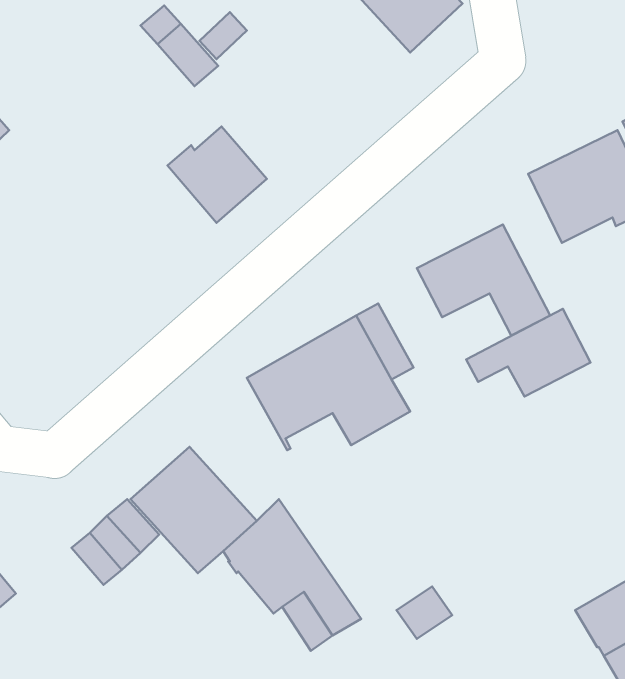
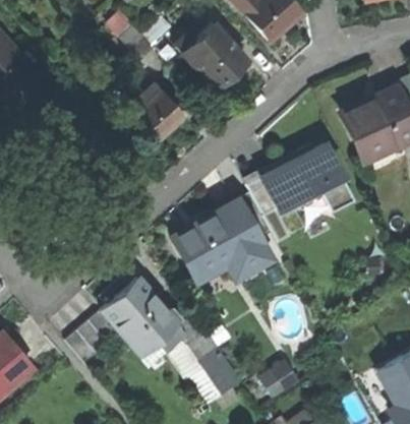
building: none -> [176,22,248,89]
building: none -> [248,171,291,215]
building: [466,309,591,397] -> none

